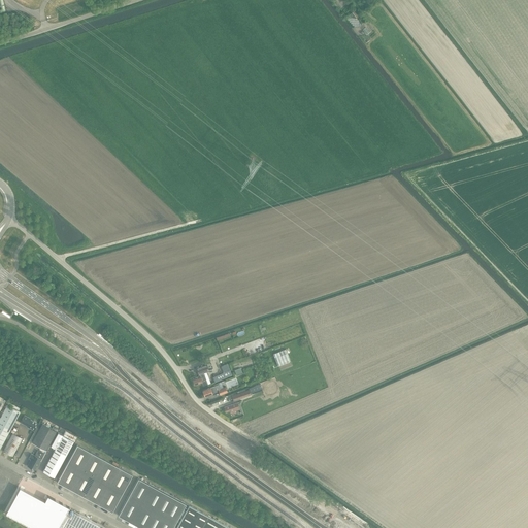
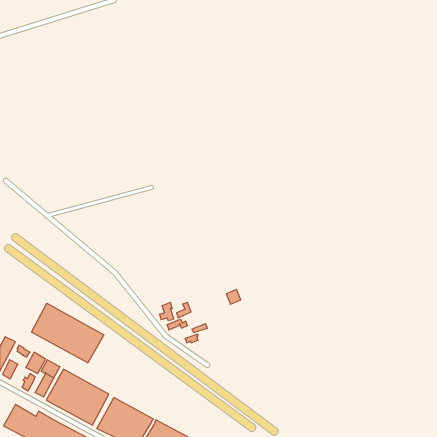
building: none -> [32,303,104,363]

